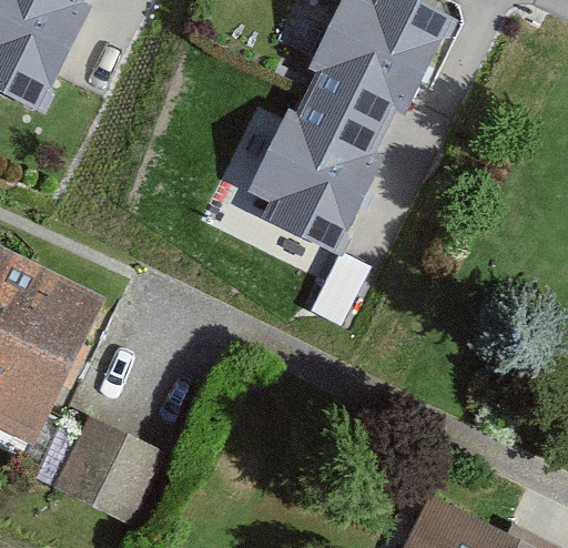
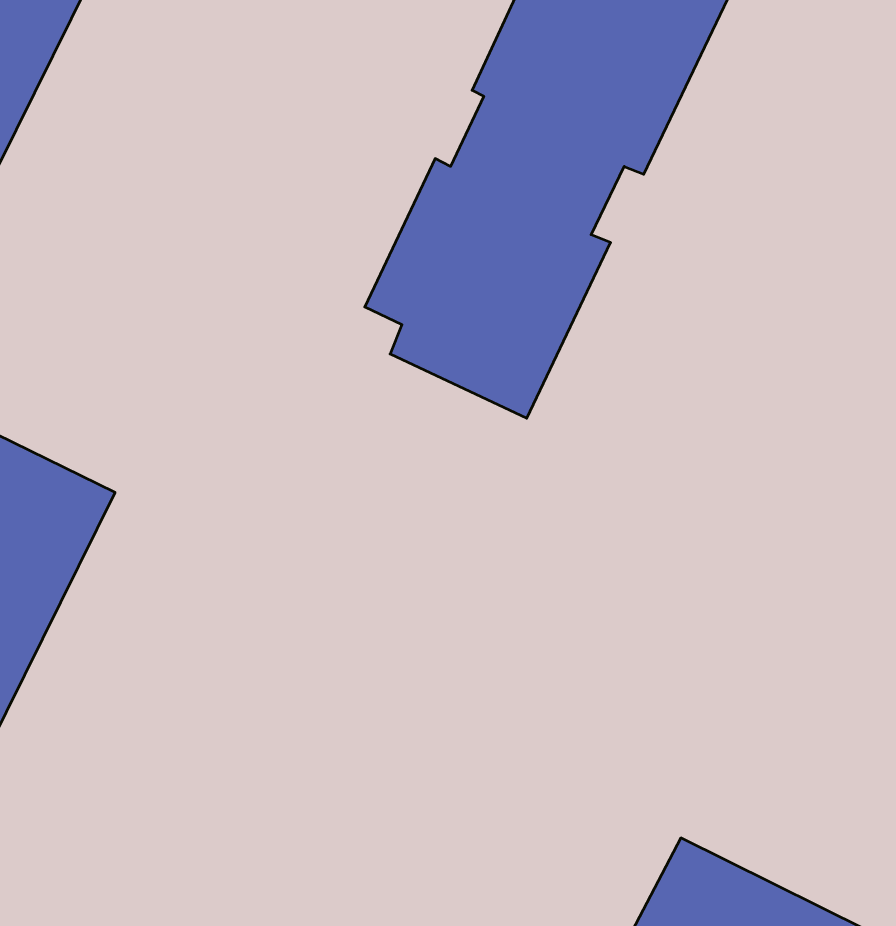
building: [50,415,171,527] -> none

